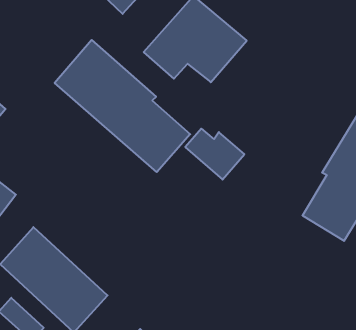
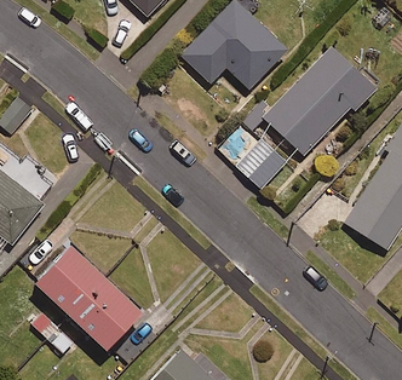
building: none -> [262,42,371,155]
building: [55,40,190,172] -> none

